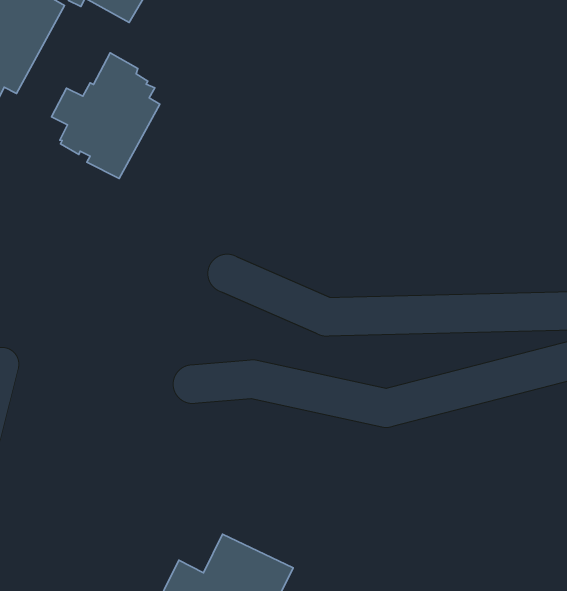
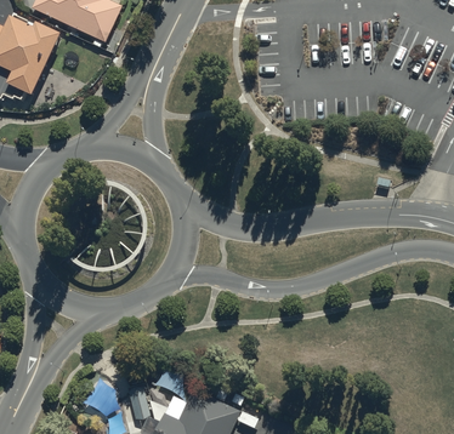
building: [52,53,160,179] -> none

